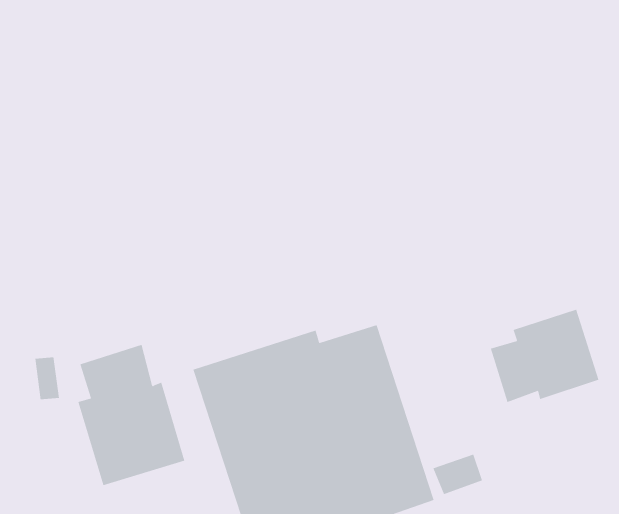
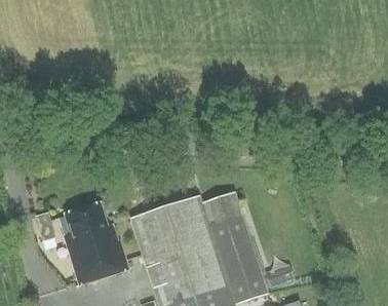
building: [490,309,599,403] -> none

